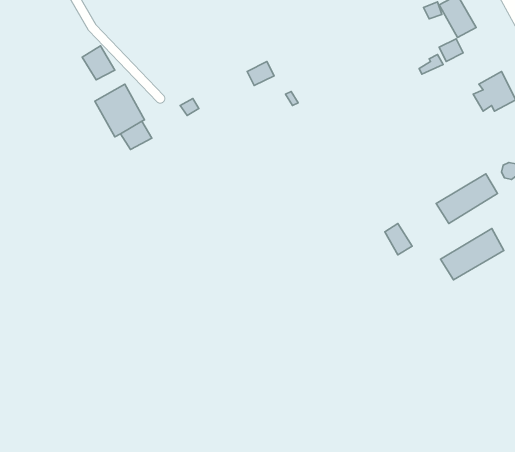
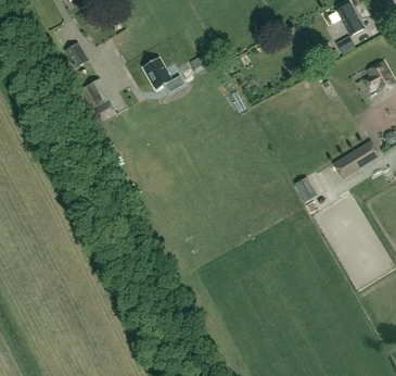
building: none -> [141,54,170,86]
building: [441,229,504,280] -> none

